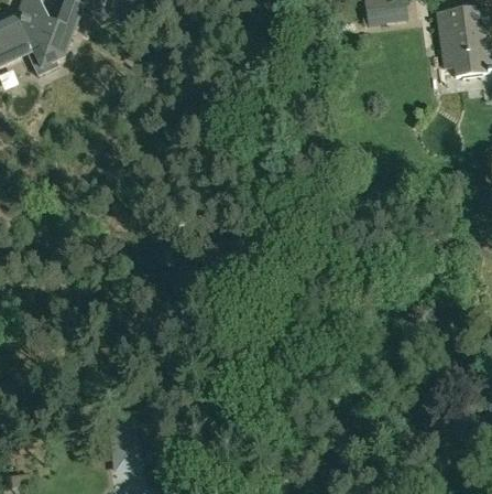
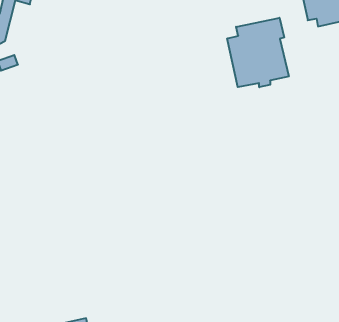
building: none -> [227,18,289,87]

